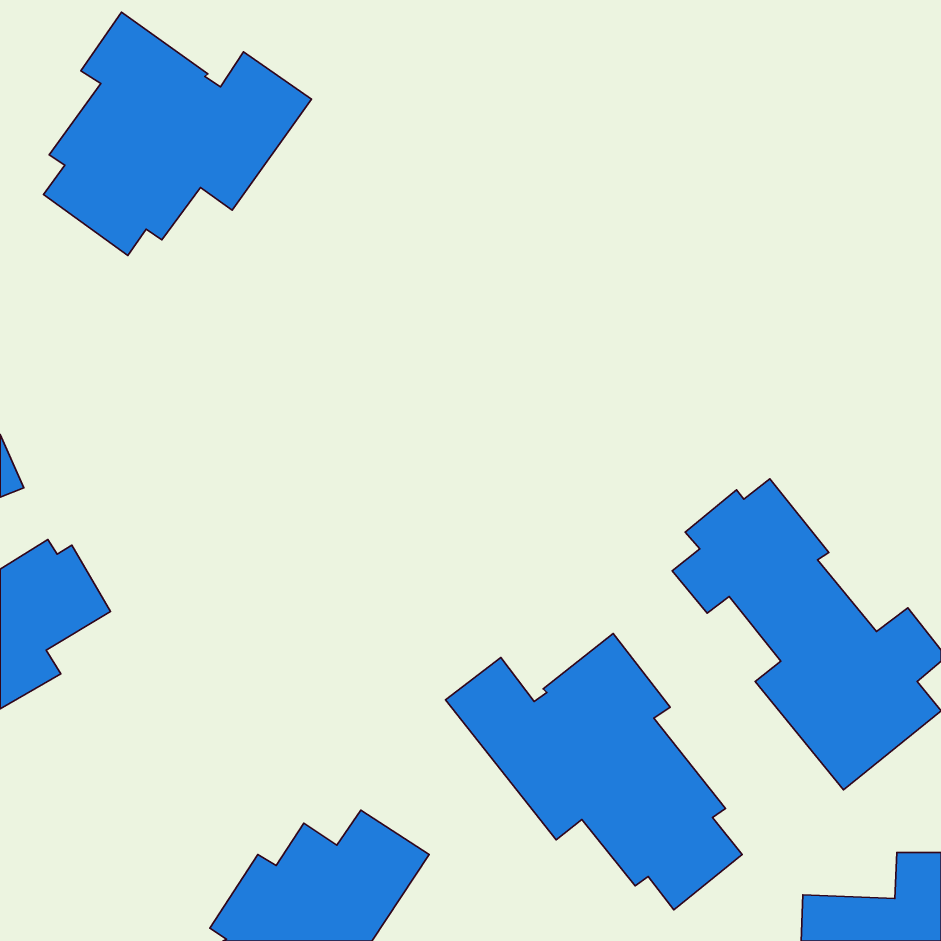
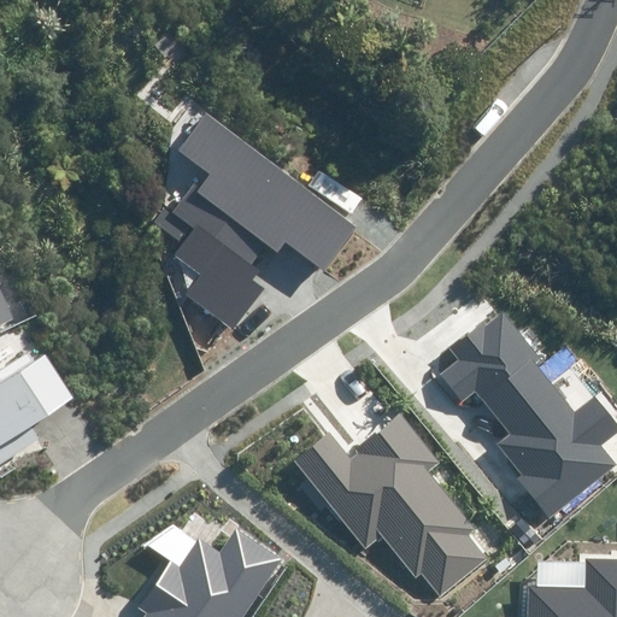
building: [44,12,311,256] -> none
building: none -> [153,117,357,330]

